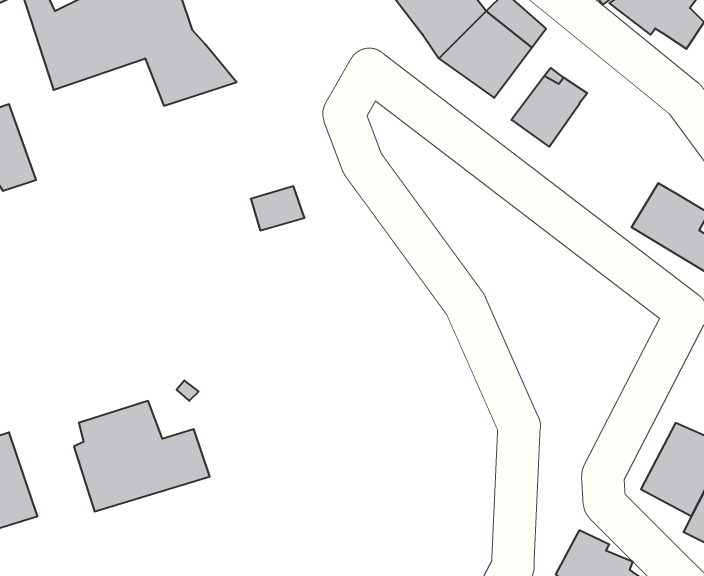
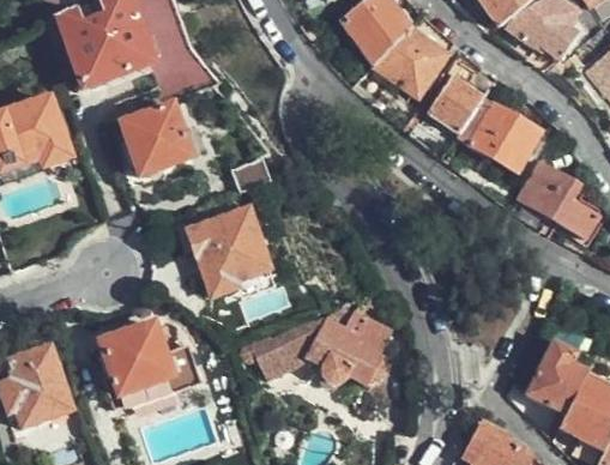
building: none -> [457,99,539,169]
building: none -> [122,108,189,176]
building: none -> [185,210,271,297]
building: none -> [240,296,387,387]

